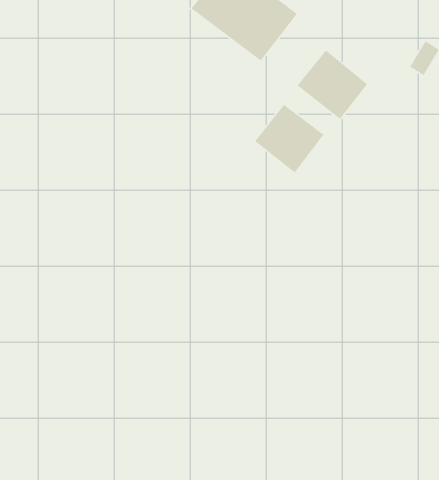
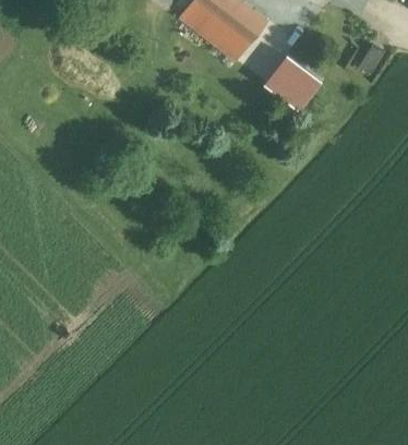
building: [254,104,325,173] -> none

